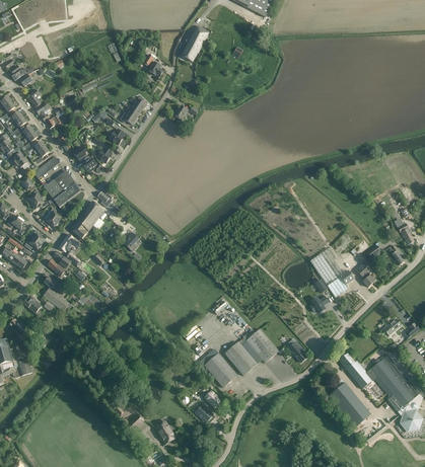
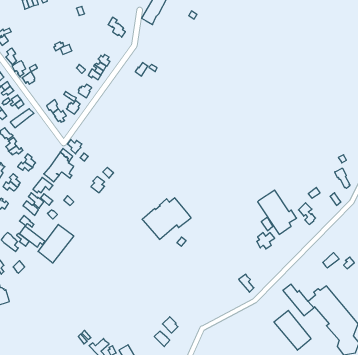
building: [43,170,79,207] -> none
building: none -> [38,224,74,263]
building: [223,328,278,375] -> [142,198,191,239]
building: [201,349,235,387] -> none

